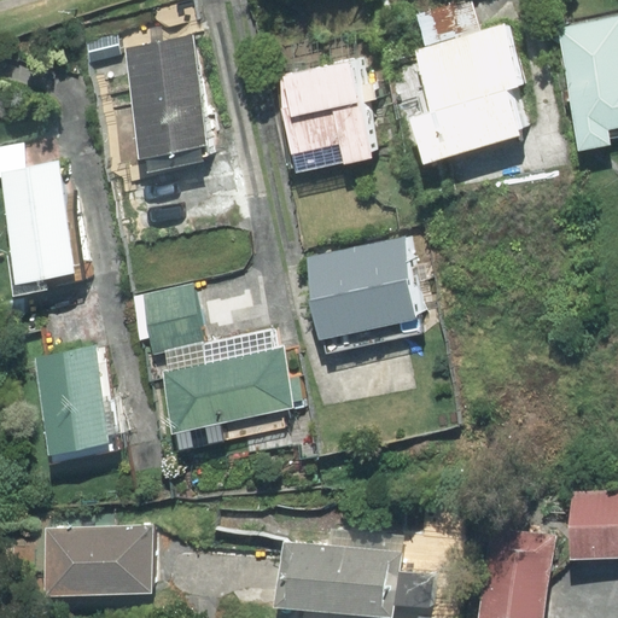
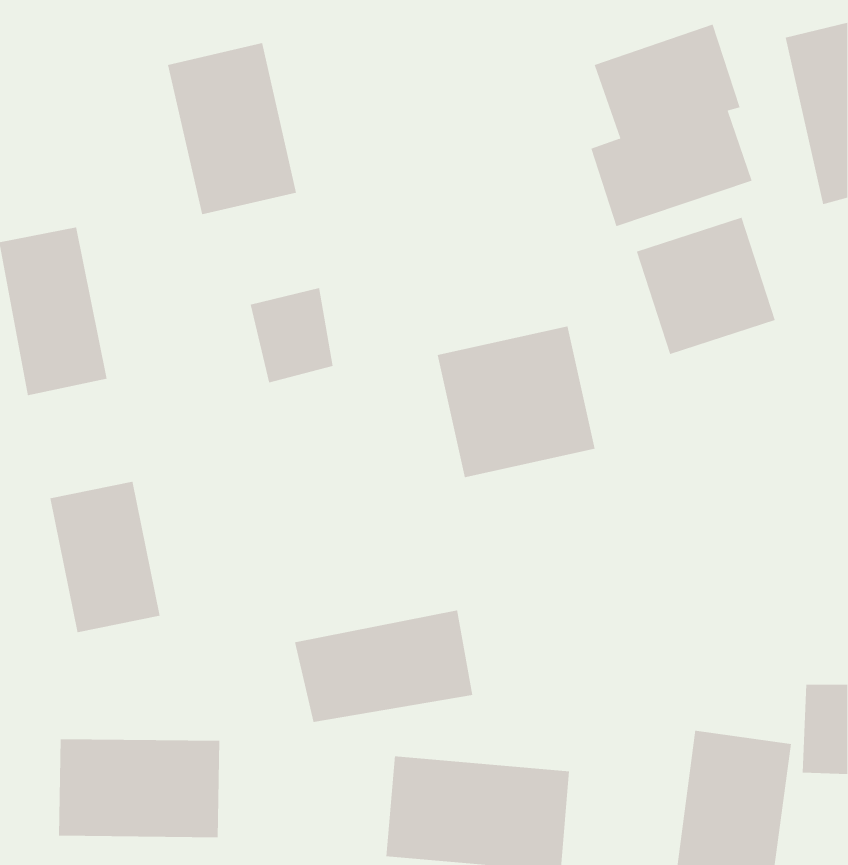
building: [280,57,378,168] -> none
building: none -> [636,217,776,355]
building: [136,287,196,355] -> [250,288,333,383]
building: [163,351,290,431] -> [294,610,473,722]

